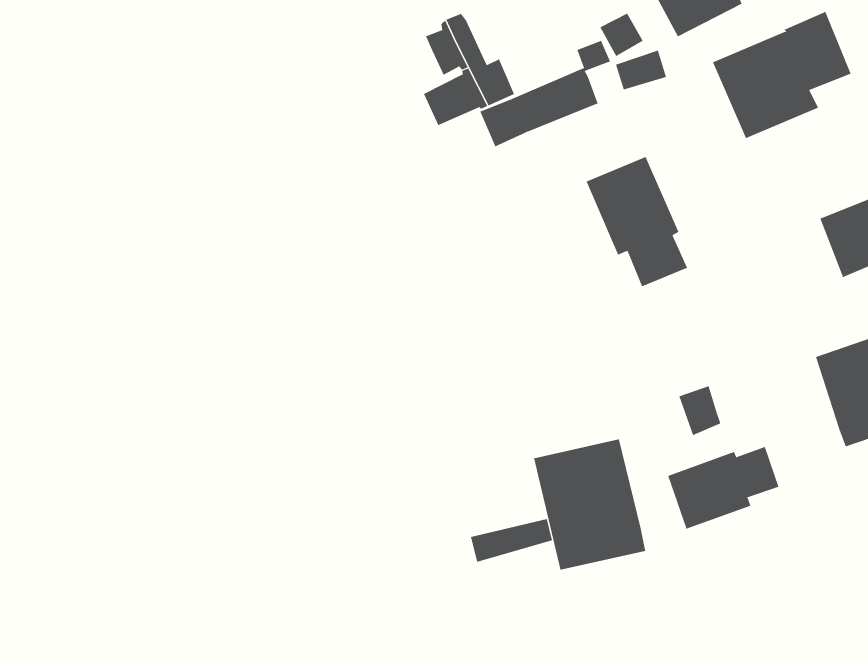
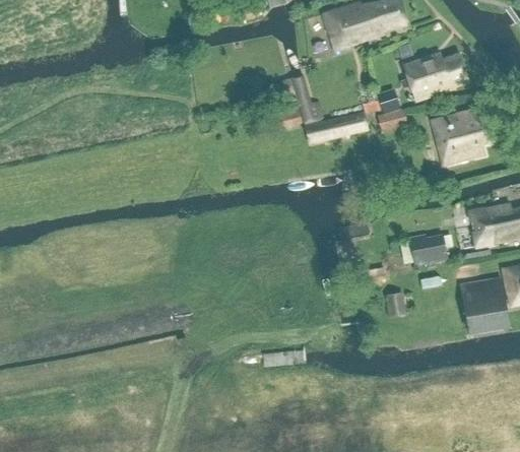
building: [586,156,688,287] -> none
building: none -> [408,233,448,264]
building: [533,439,646,571] -> none
building: [668,446,779,529] -> none

